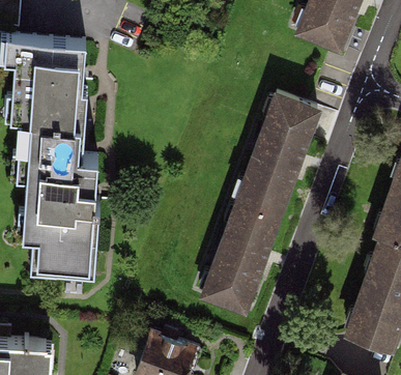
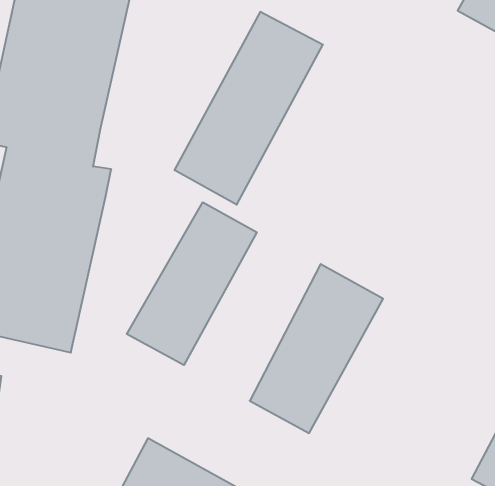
building: [238,105,318,225] -> [174,12,323,205]
building: none -> [127,202,257,365]

